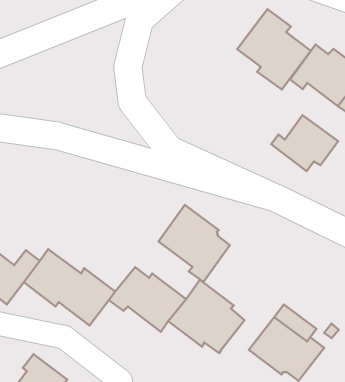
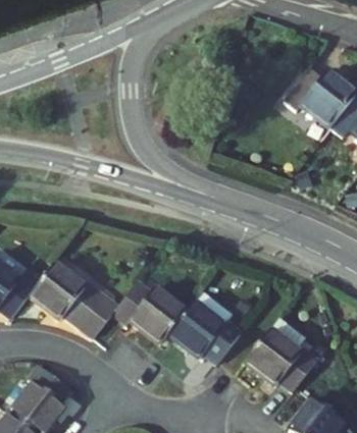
building: [237,9,311,90] -> none
building: [271,115,338,171] -> none
building: [158,205,230,282] -> none

